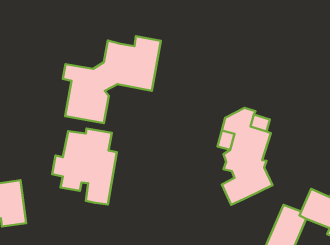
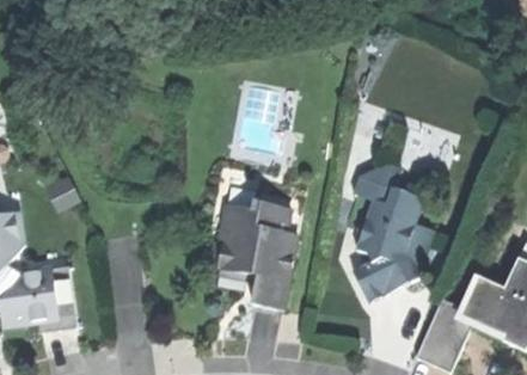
building: [63,36,161,123] -> none
building: [52,129,117,204] -> [206,202,298,309]

